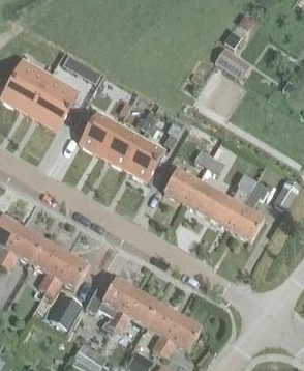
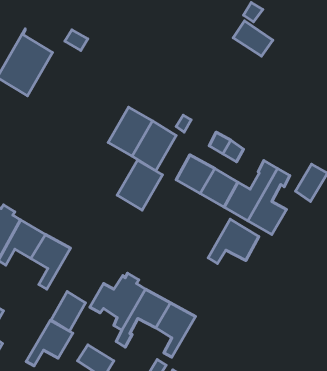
building: [28,75,79,130] -> none
building: [79,111,120,156] -> [117,160,163,210]
building: none -> [208,219,259,263]
building: [45,253,88,294] -> [26,321,73,366]
building: [159,315,202,356] -> none

